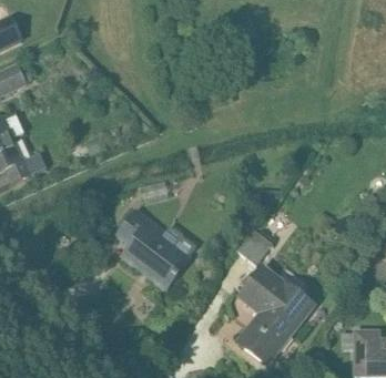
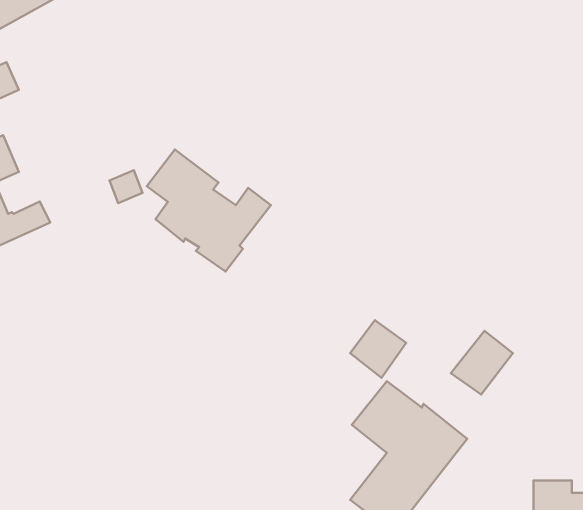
building: [116,210,195,287] -> [147,150,271,272]
building: none -> [451,331,513,394]

